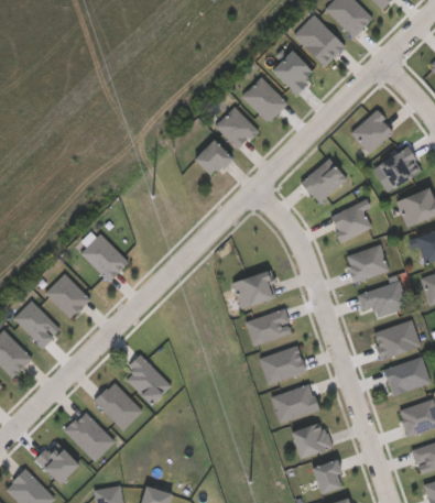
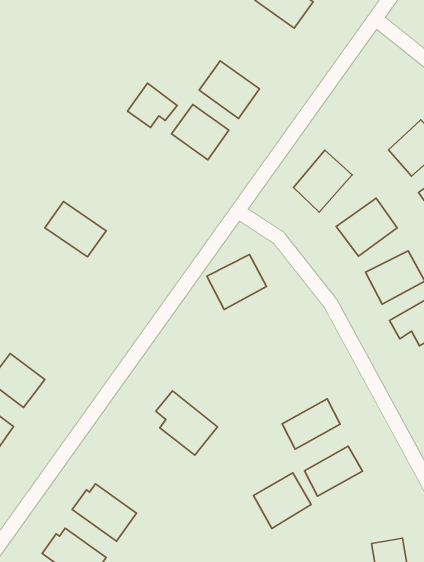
building: [271,50,315,94] -> none
building: [350,109,394,153] -> none
building: [193,140,231,174] -> [127,83,177,127]
building: [79,232,126,277] -> [45,202,106,257]
building: [232,270,276,308] -> [207,255,267,309]
building: [246,308,290,342] -> none
building: [126,353,171,405] -> [156,391,218,455]
building: [290,419,333,459] -> [253,473,311,528]

